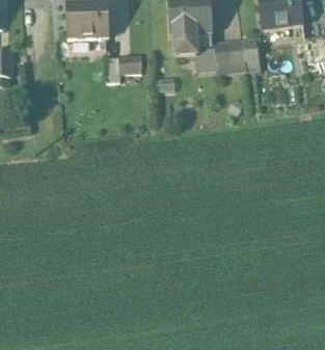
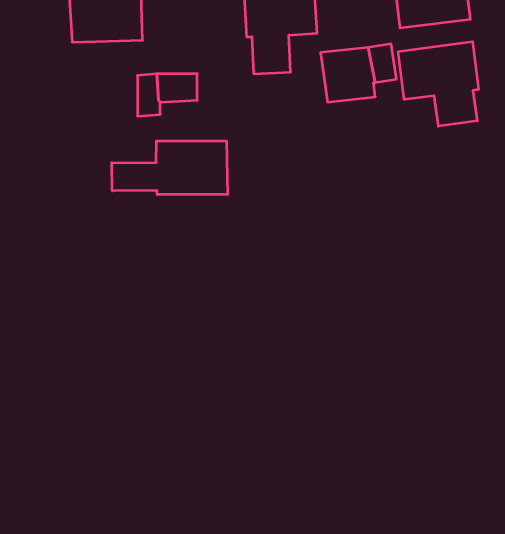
building: none -> [398,42,478,126]
building: none -> [112,141,227,195]

